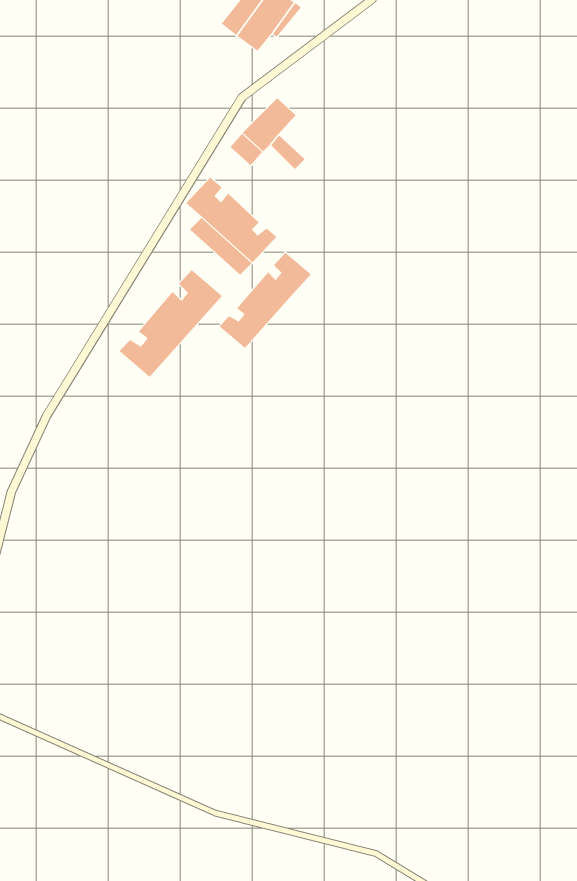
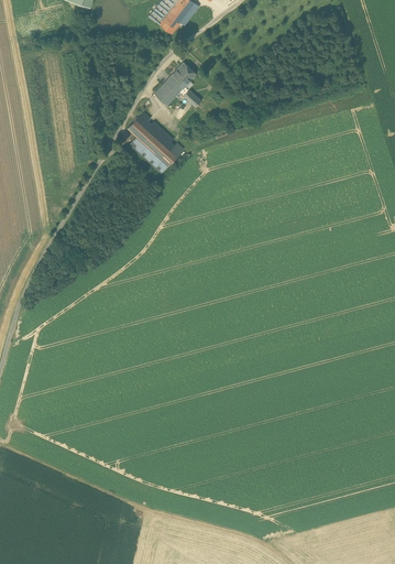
building: [219,252,312,349] -> none
building: [118,269,223,378] -> none

